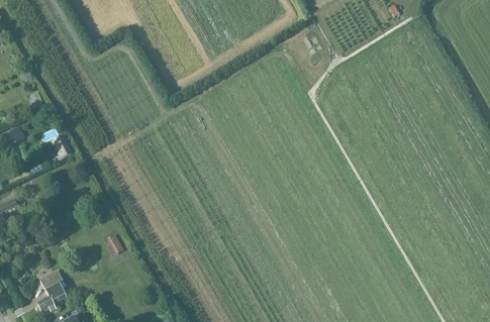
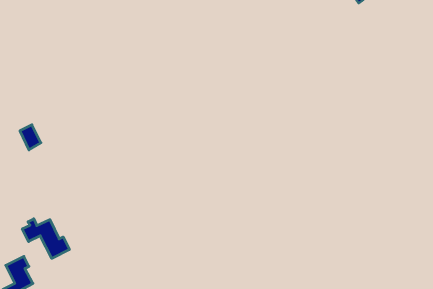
building: none -> [22,219,69,258]

